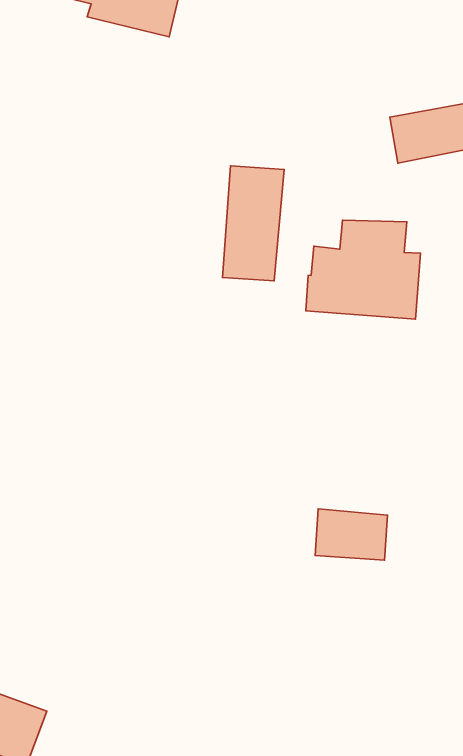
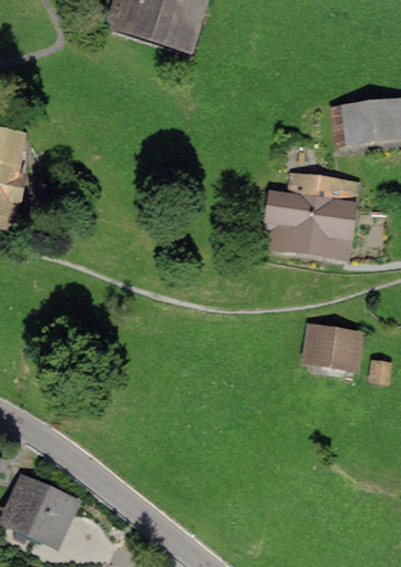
building: [222,166,284,281] -> none
building: [315,509,388,560] -> [311,329,363,368]

